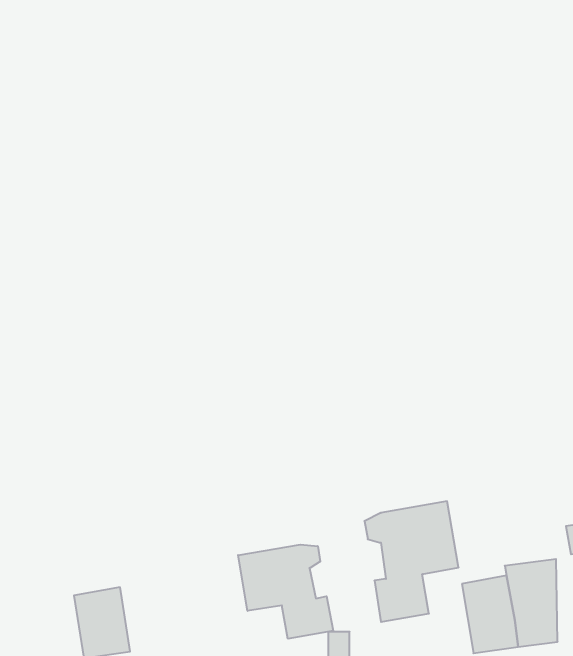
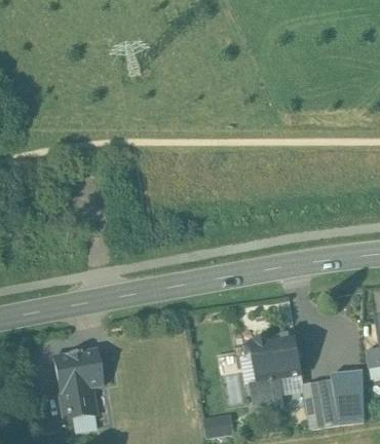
building: none -> [55,349,101,392]
building: [238,545,333,639] -> none

